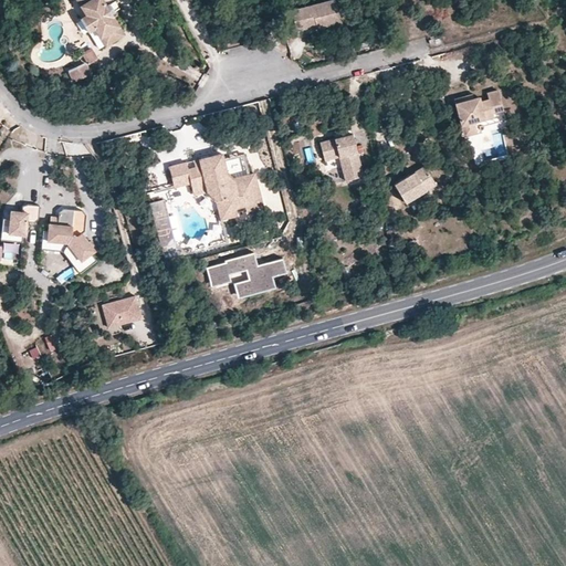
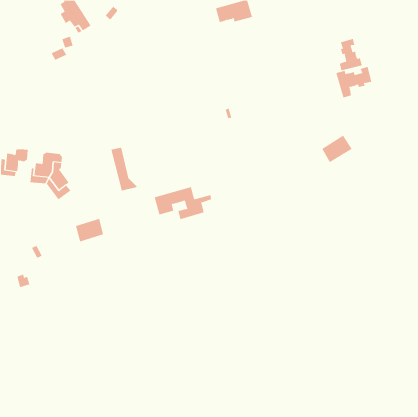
building: none -> [339,38,363,71]
building: [318,132,363,179] -> none
building: [167,151,262,218] -> none
building: [392,163,434,200] -> [321,135,353,163]

